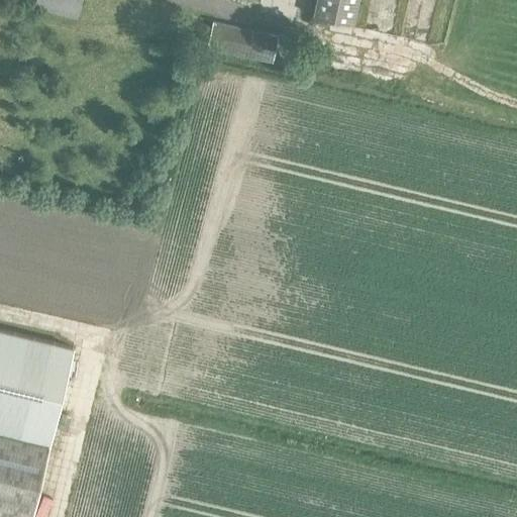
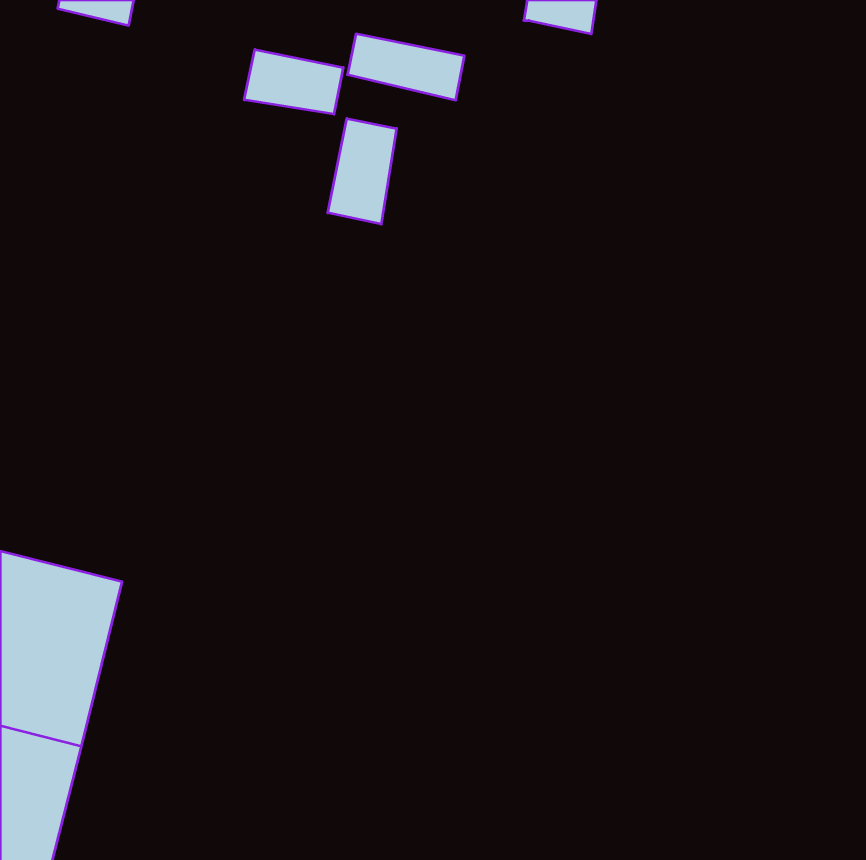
building: none -> [244,49,343,114]
building: none -> [328,118,397,224]

